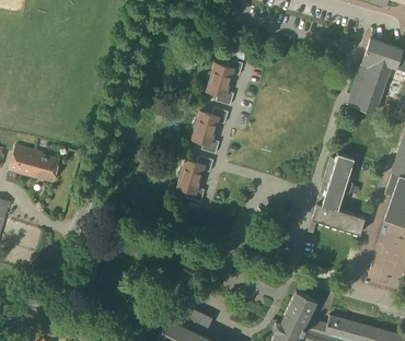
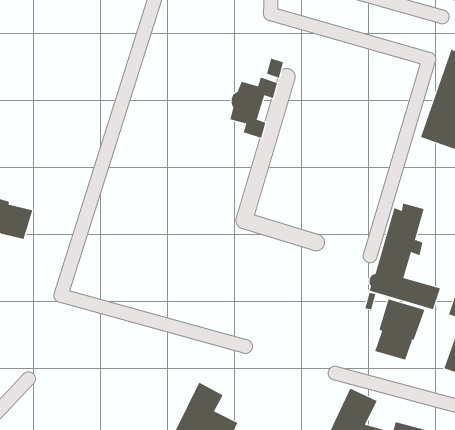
building: [193,107,229,154] -> none
building: [177,155,215,202] -> none
building: none -> [374,298,425,360]

